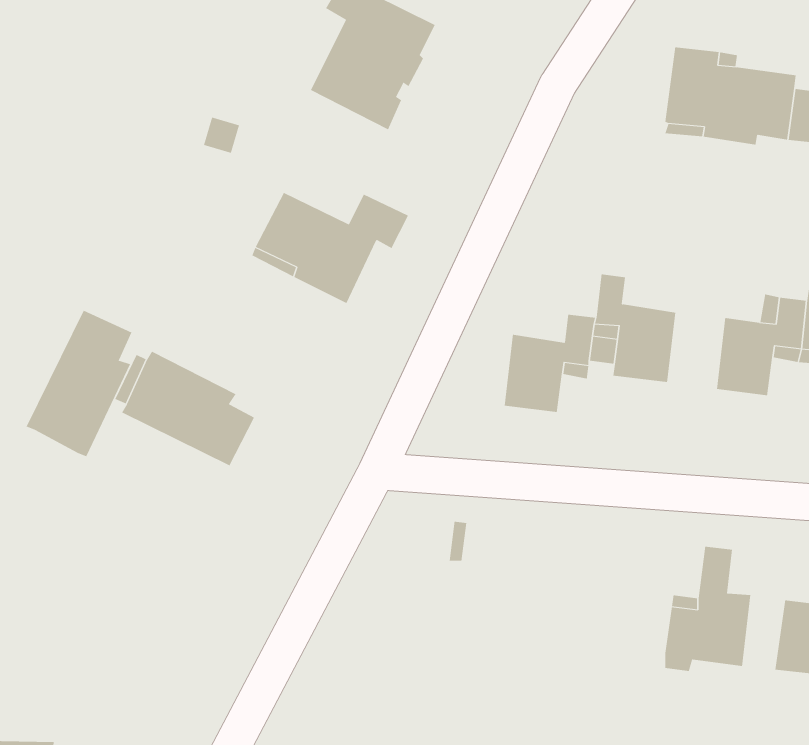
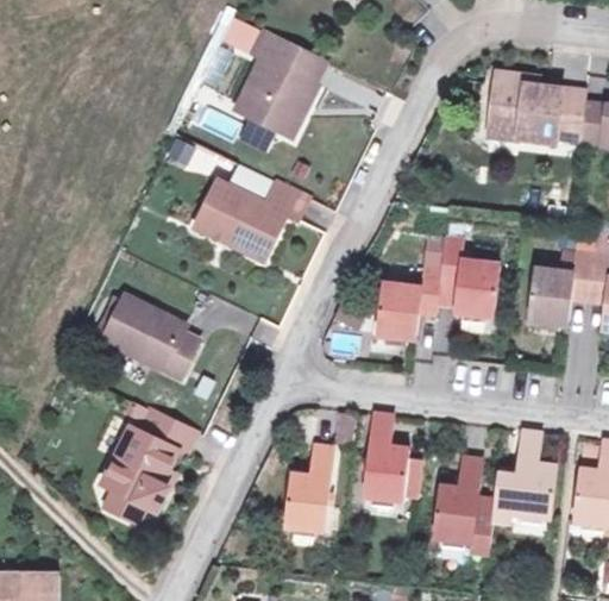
building: [26,310,132,457] -> none
building: none -> [102,407,194,519]
building: none -> [362,415,420,501]
building: none -> [283,446,333,530]
building: none -> [432,459,491,556]

